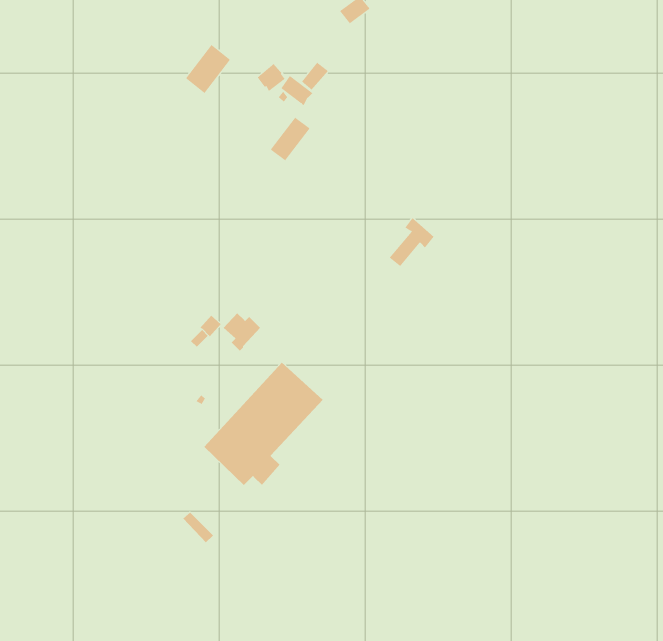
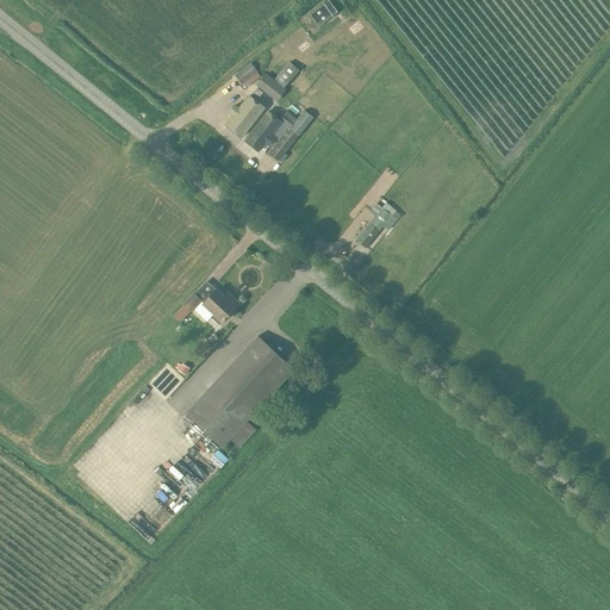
building: [185,44,231,94] -> [225,93,267,138]
building: none -> [268,111,312,161]

